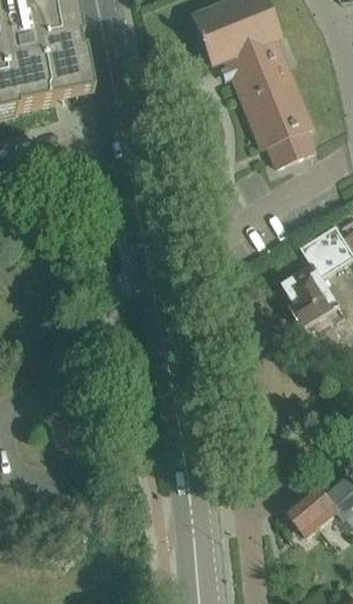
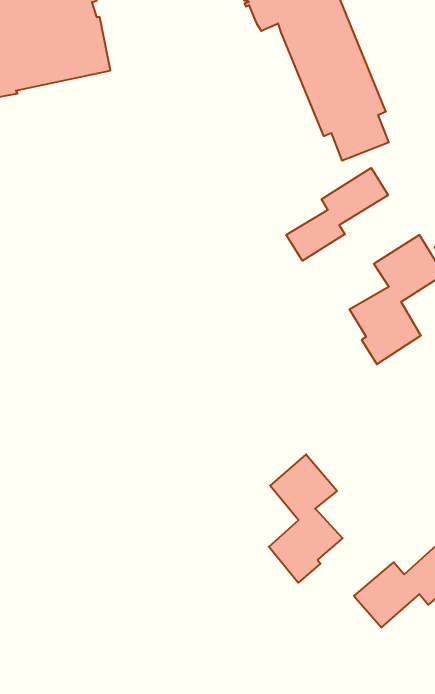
building: none -> [286,168,388,261]
building: none -> [269,454,343,583]

